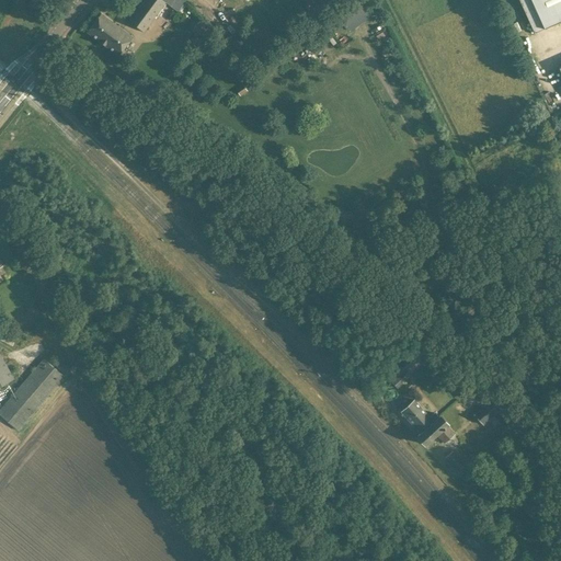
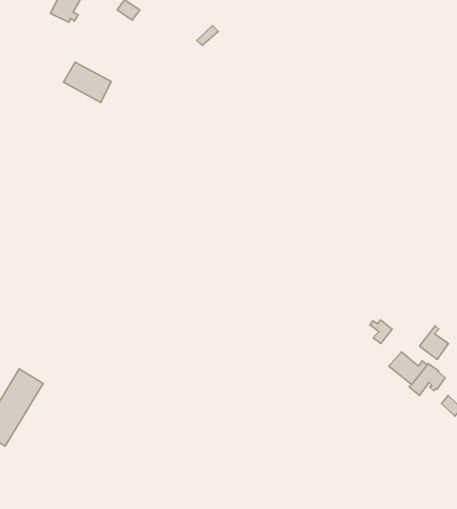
building: [85,13,131,56] -> [64,62,111,102]
building: none -> [420,326,449,359]

